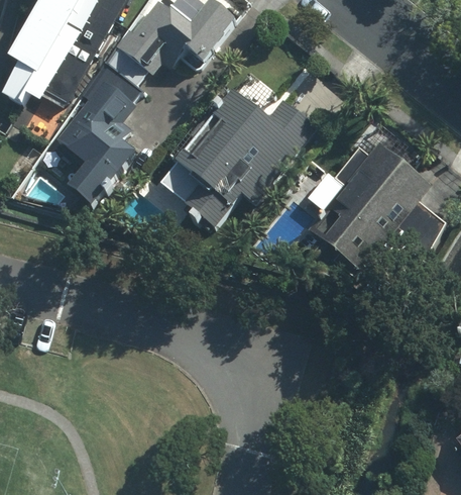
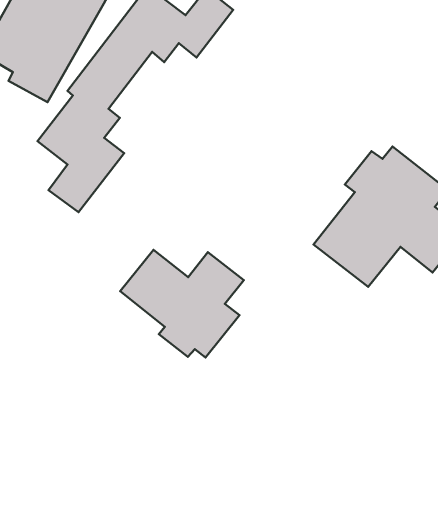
building: [158,88,319,224] -> none
building: none -> [120,250,244,358]

